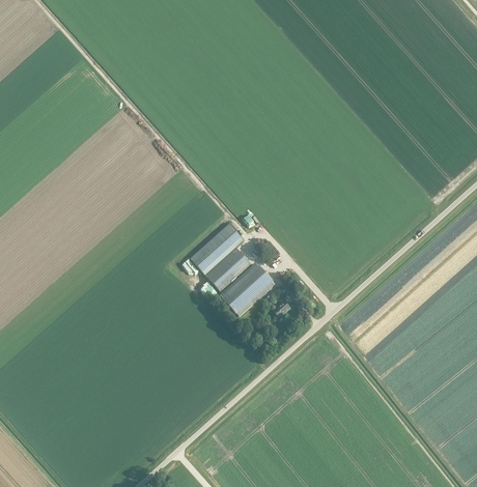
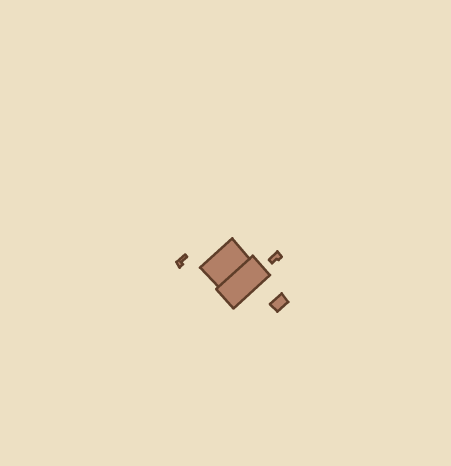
building: [191,224,244,275] -> none

